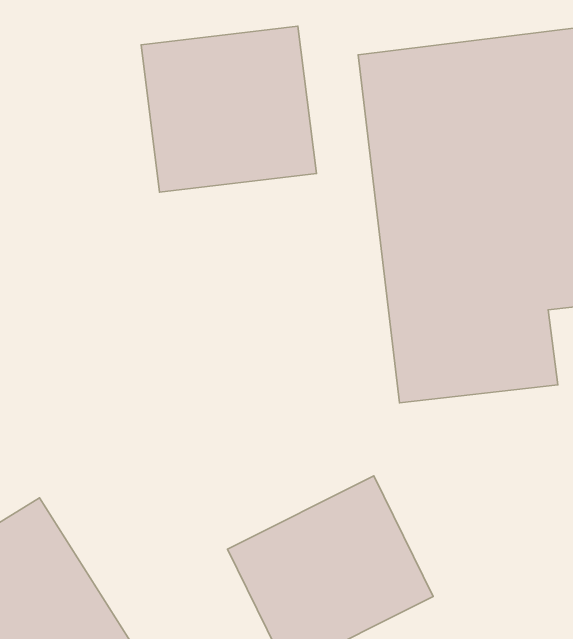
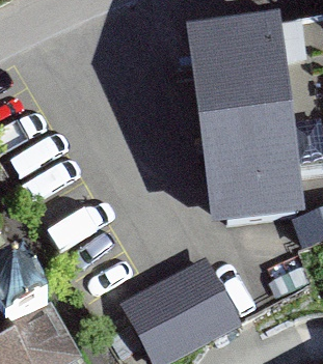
building: [141,26,316,192] -> none

